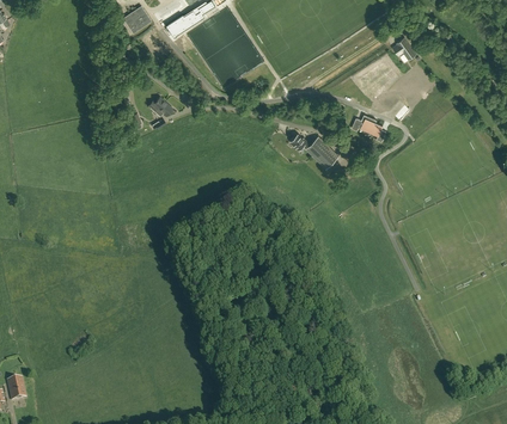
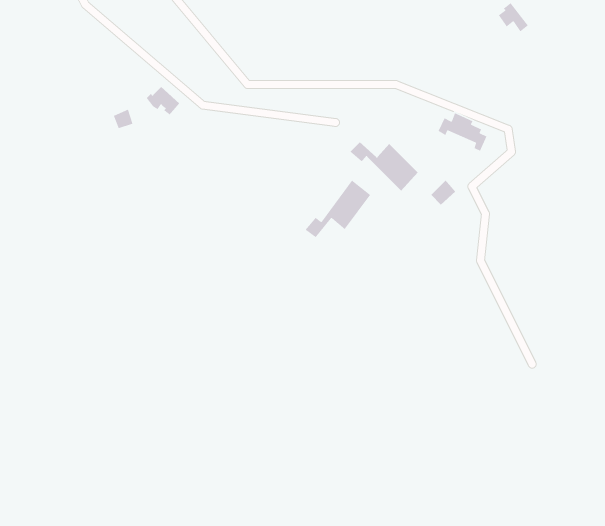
building: none -> [304,179,371,238]

